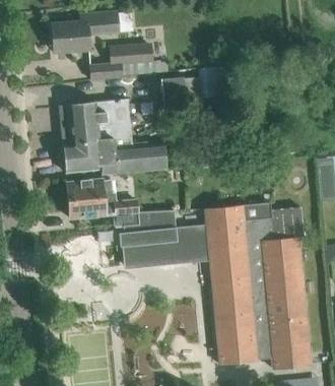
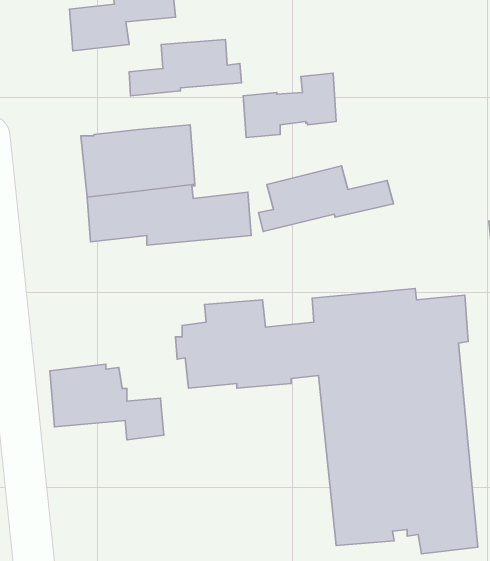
building: none -> [258,166,393,232]
building: [66,179,138,227] -> [50,364,164,440]

